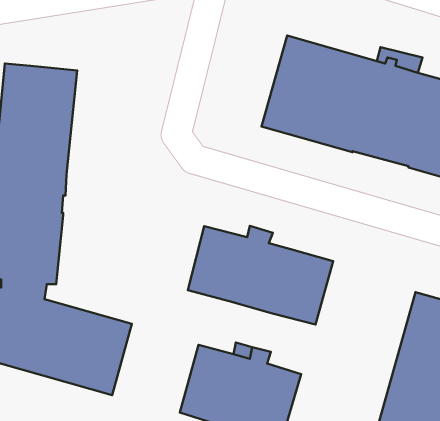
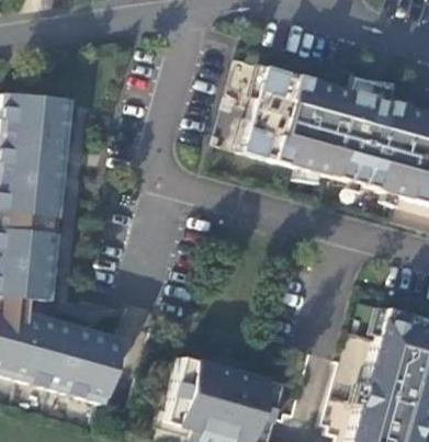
building: [188,226,333,324] -> none

